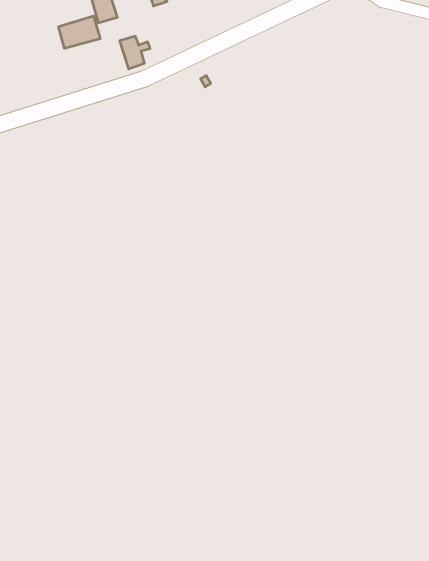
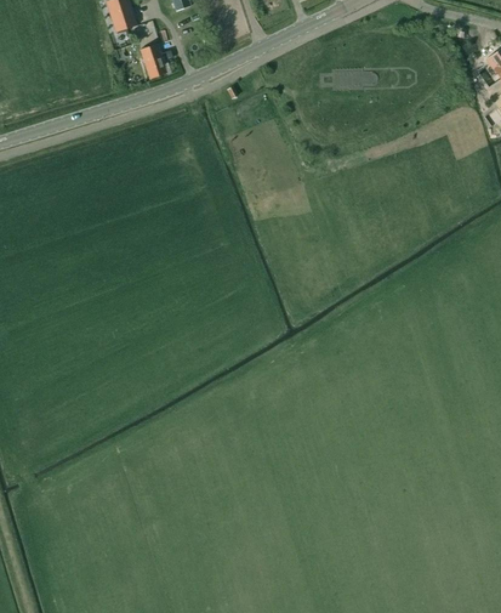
building: [59,16,100,48] -> none

